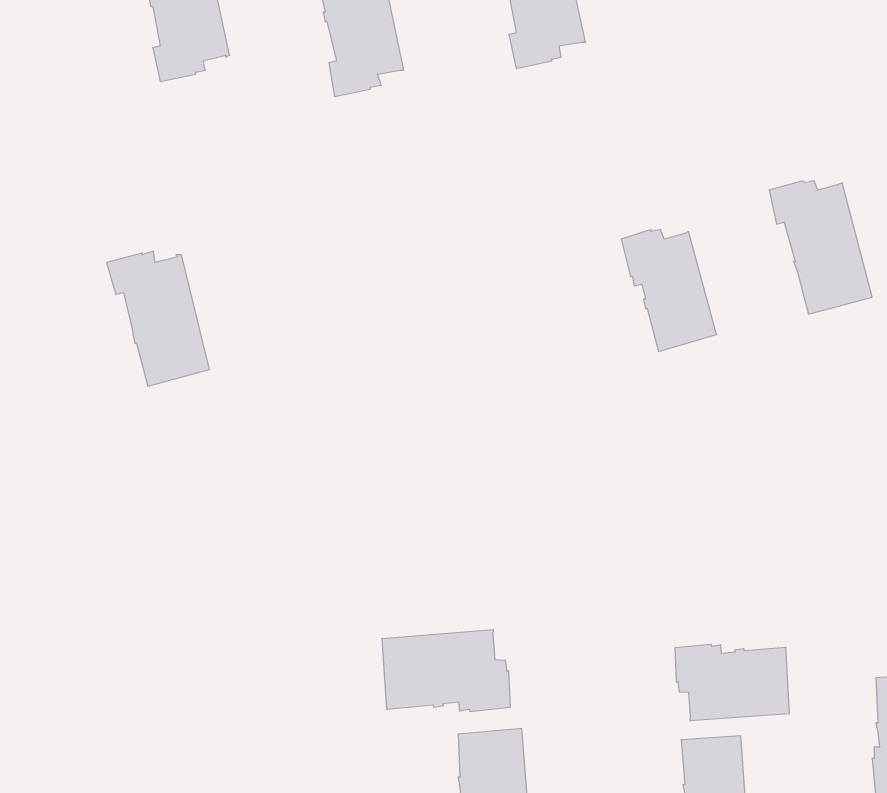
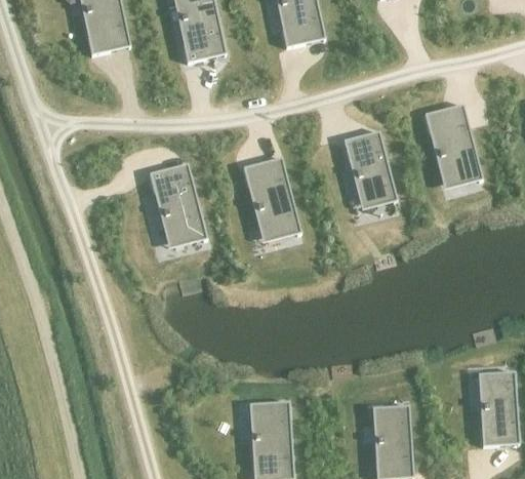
building: [107,251,210,386] -> [147,167,203,241]
building: none -> [241,162,297,235]
building: [382,630,510,712] -> none
building: [675,644,789,721] -> none

